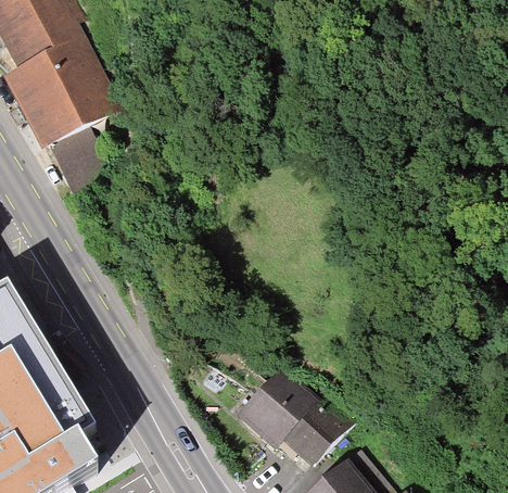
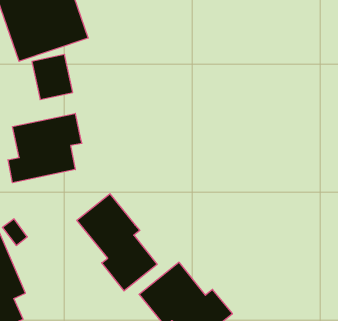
building: none -> [8,113,82,183]
building: none -> [77,194,157,291]

